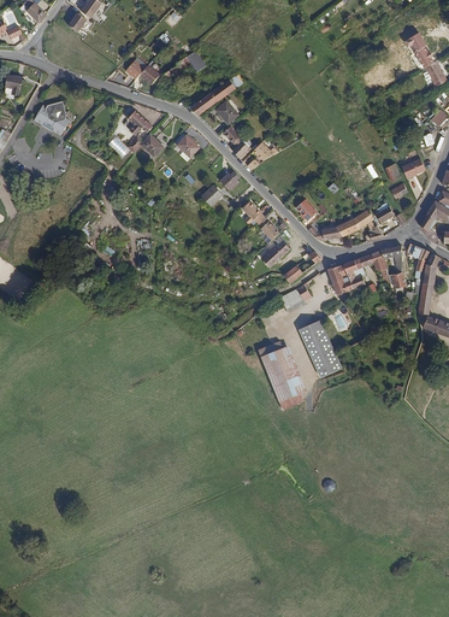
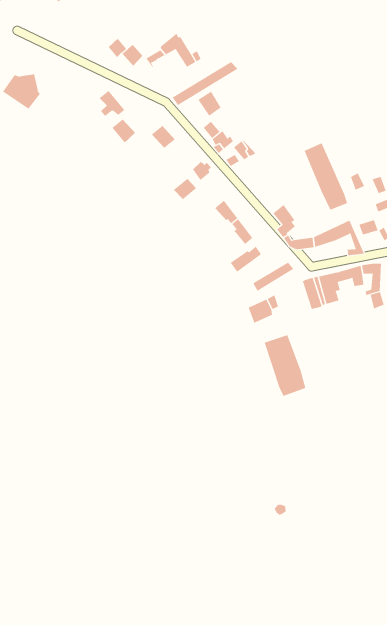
building: none -> [304,142,348,211]
building: [258,339,303,407] -> none

